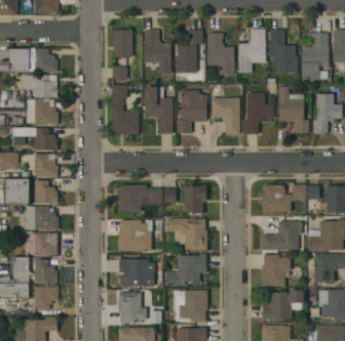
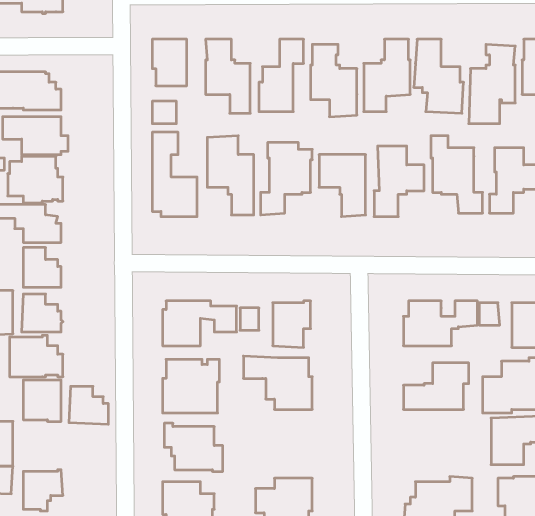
building: [165,254,206,285] -> none
building: [262,254,291,286] -> none
building: [34,259,58,282] -> [69,386,108,424]

